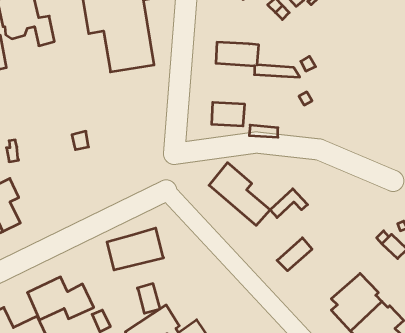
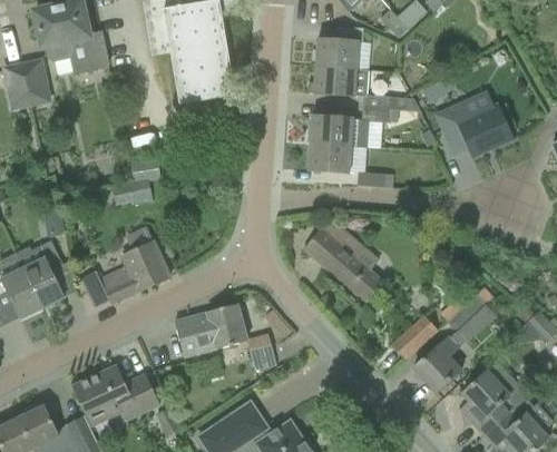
building: none -> [315,26,363,68]
building: none -> [434,102,514,157]
building: none -> [310,107,398,146]
building: none -> [81,225,169,306]
building: [270,189,308,218] -> [447,294,495,331]
building: none -> [412,334,461,393]
building: [137,284,160,313] -> [246,333,275,371]

